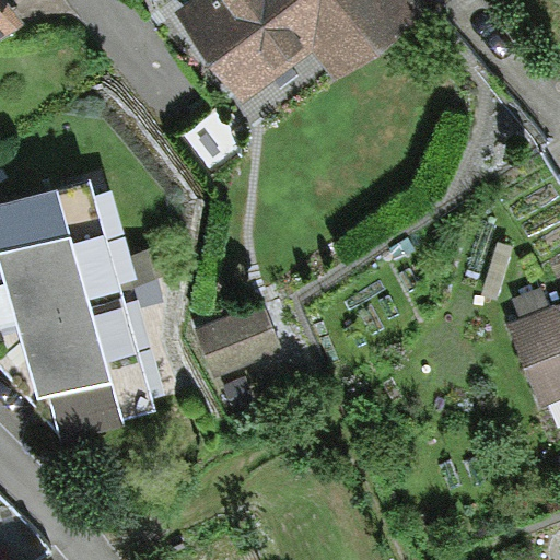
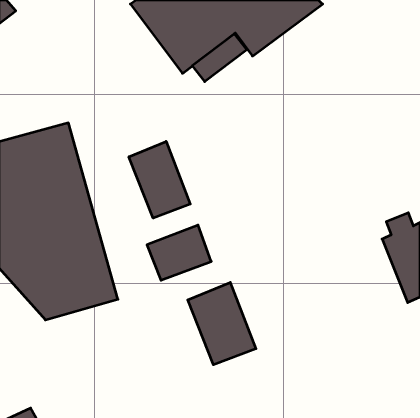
building: none -> [129,141,190,218]
building: none -> [188,282,256,365]

